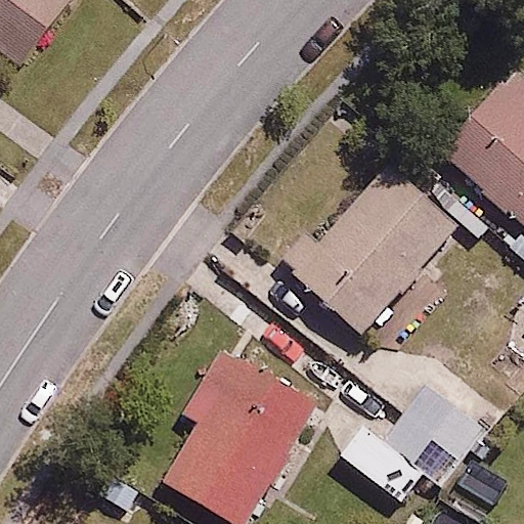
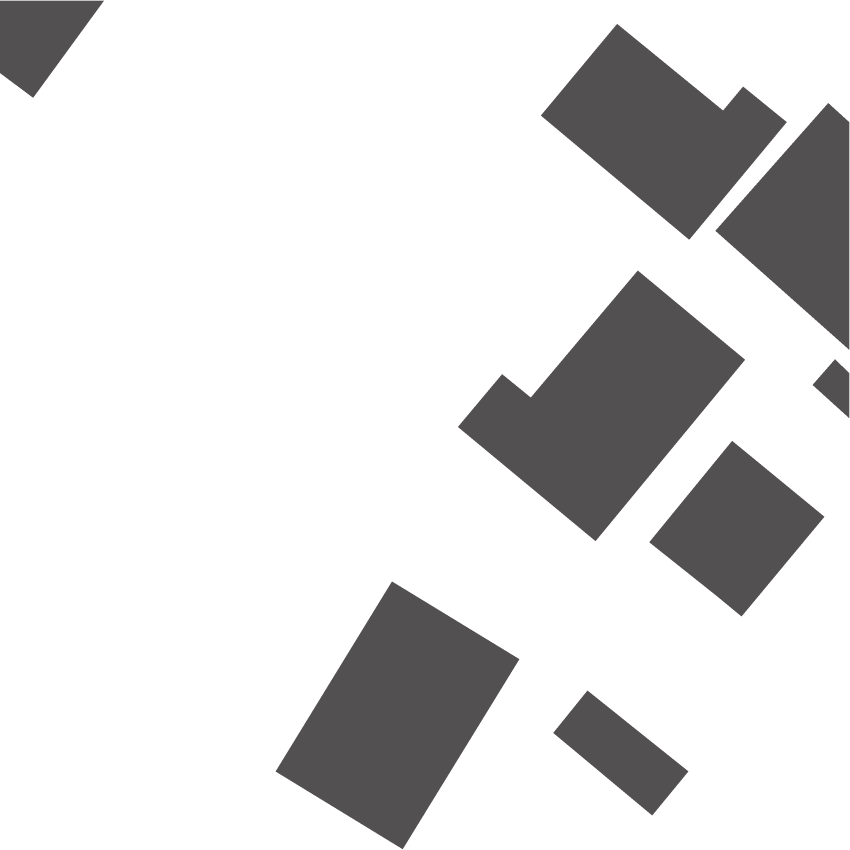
building: none -> [540,23,788,241]
building: [381,380,489,488] -> [648,440,826,617]

